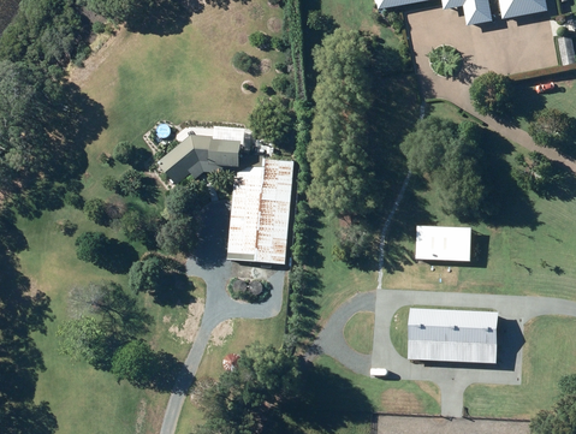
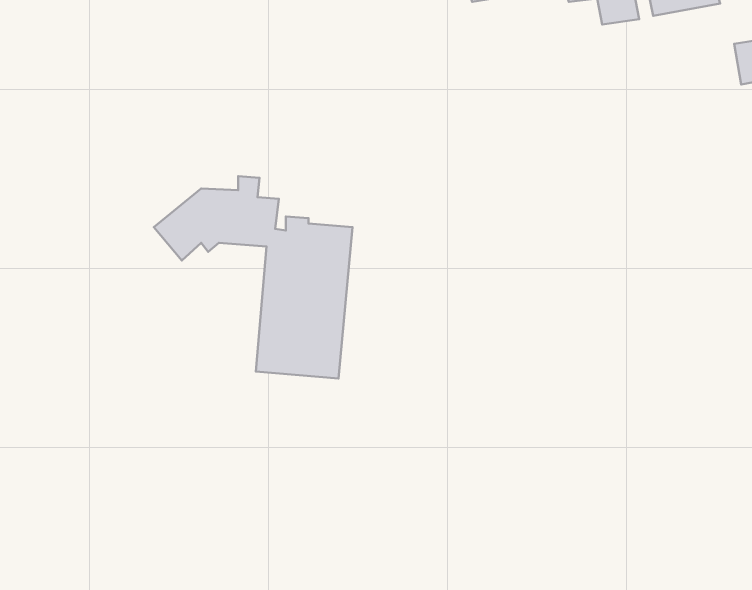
building: [416,226,471,261] -> none
building: [409,309,499,363] -> none

